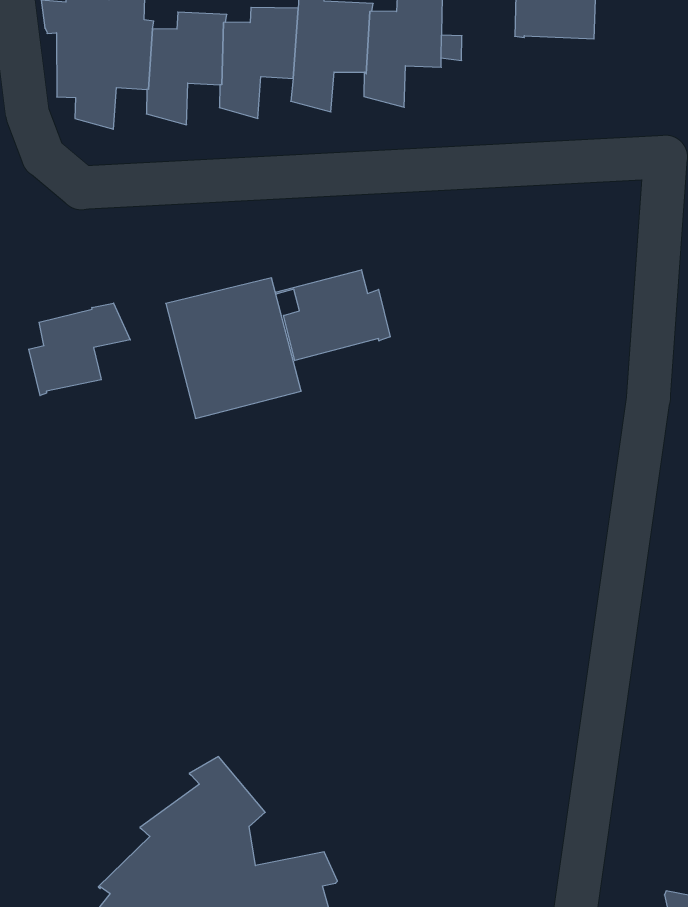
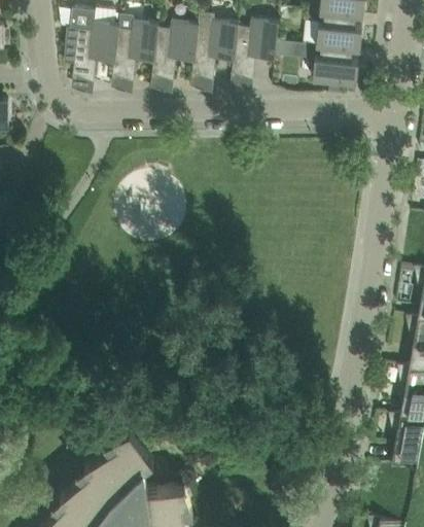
building: none -> [311,43,358,81]
building: [276,270,390,361] -> none
building: [29,303,130,396] -> none

